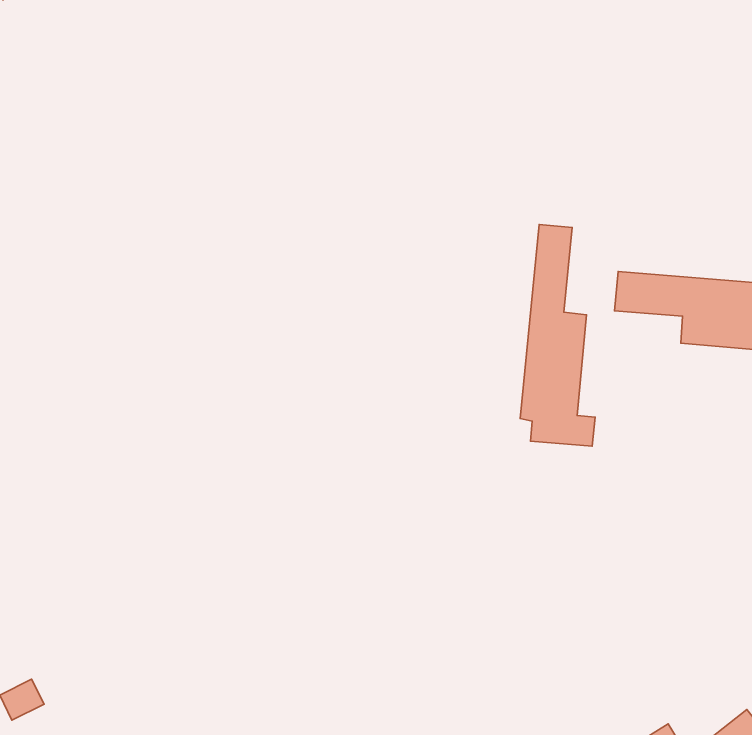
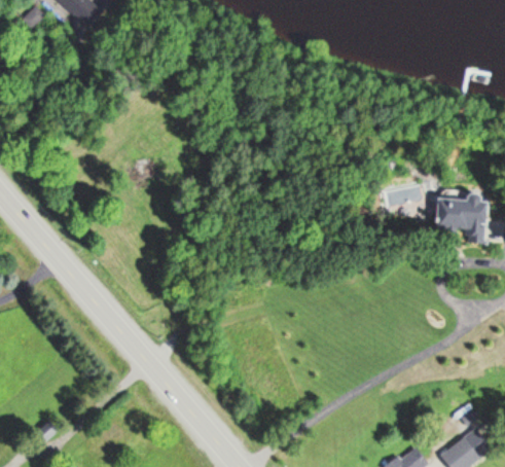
building: [520,224,595,446] -> none

